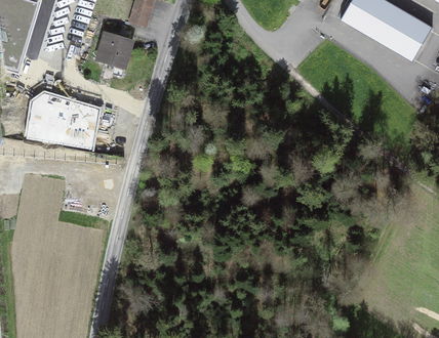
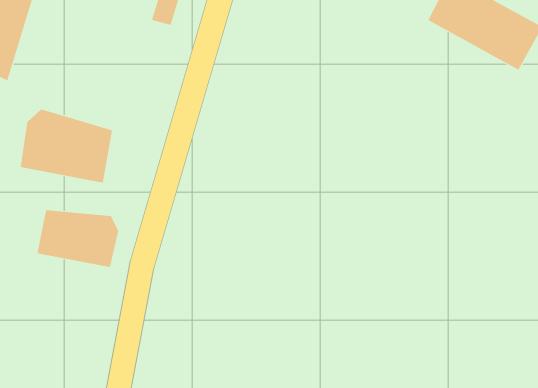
building: [96,31,131,68] -> none
building: none -> [37,209,119,268]

